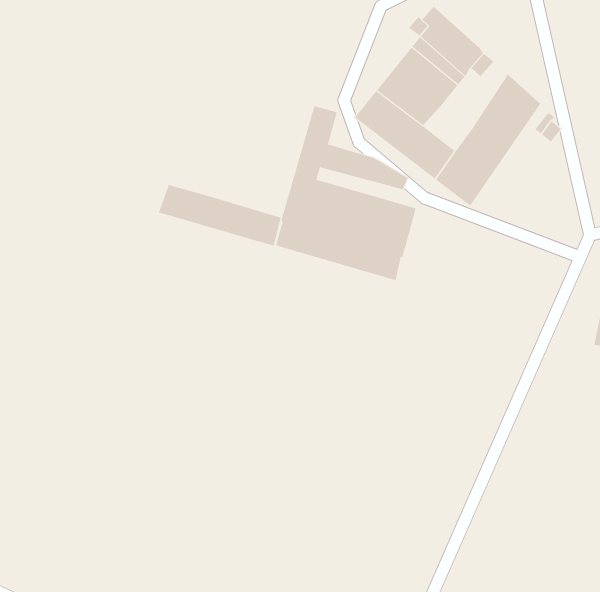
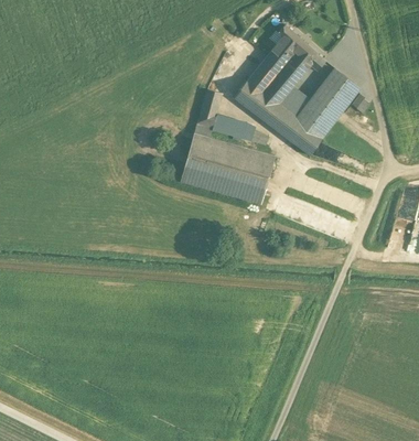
building: none -> [279,88,311,119]
building: [158,184,281,247] -> none

